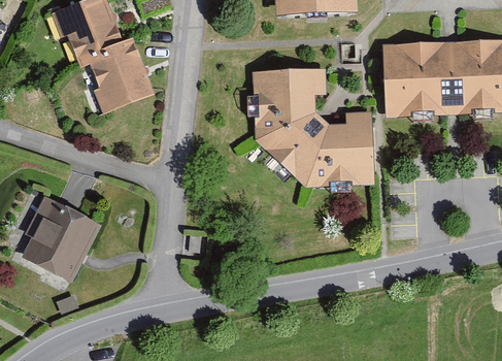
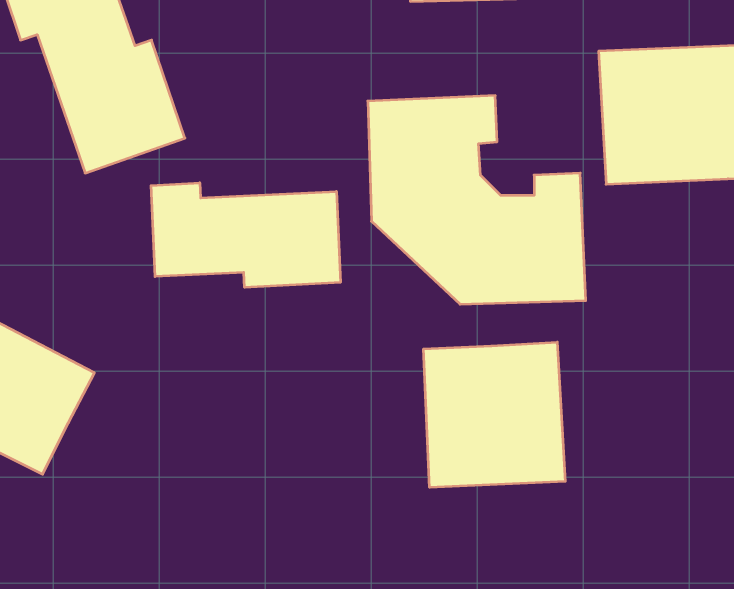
building: none -> [151,183,340,287]
building: none -> [424,342,565,487]

